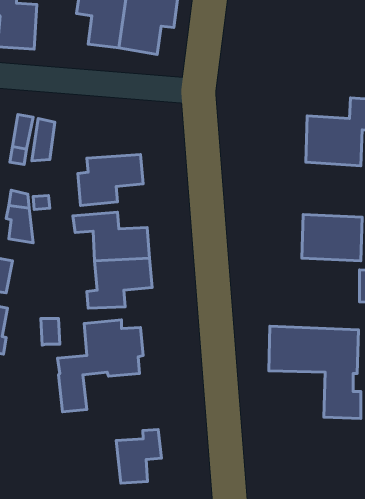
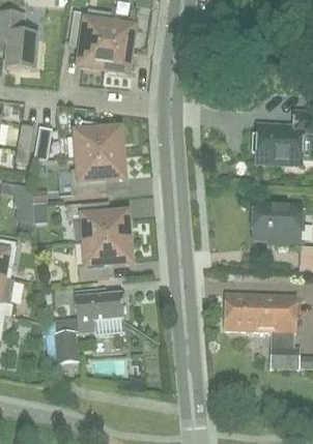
building: none -> [75,121,121,157]
building: [116,429,161,483] -> none

